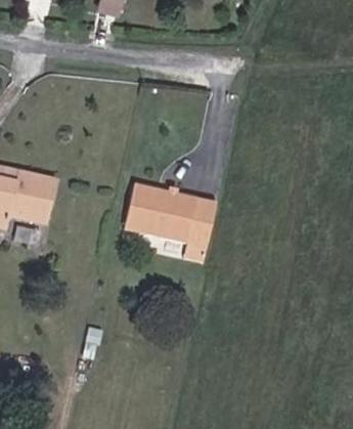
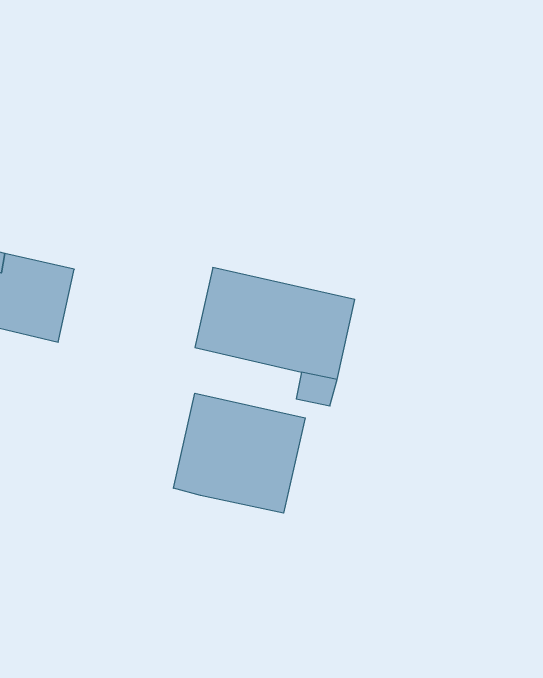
building: none -> [173,393,305,513]

